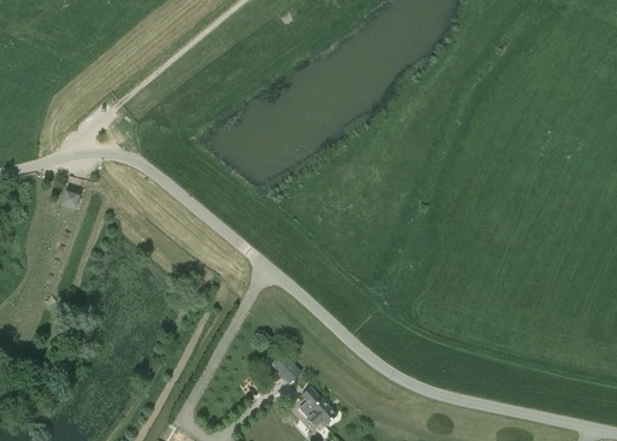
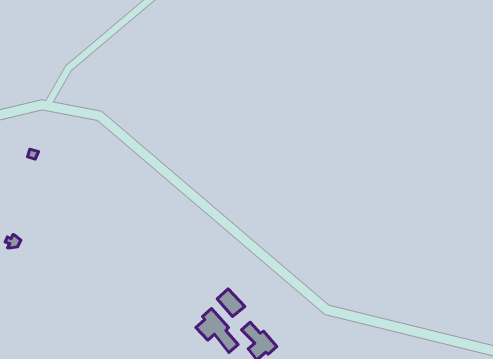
building: none -> [196,308,238,352]

